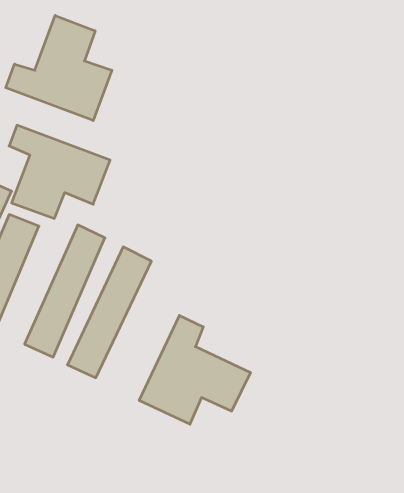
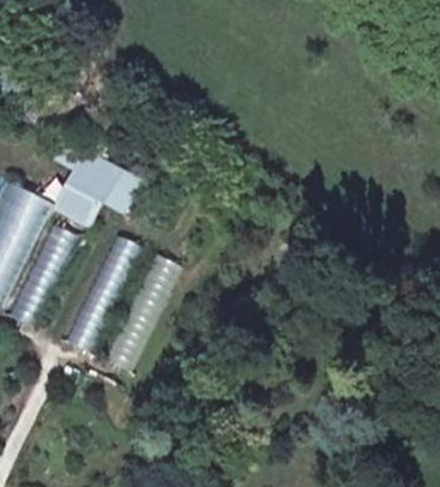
building: [6,15,112,121] -> none
building: [139,315,250,424] -> none

